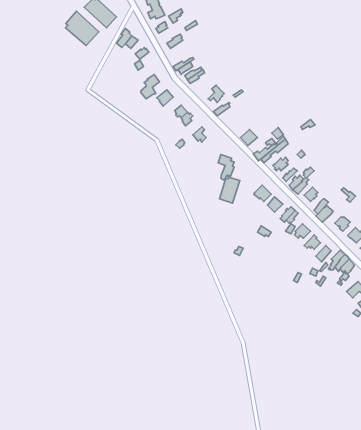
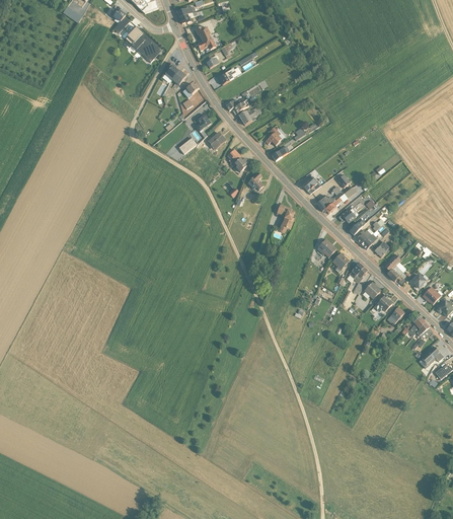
building: [66,11,99,46] -> none
building: [220,177,240,203] -> none

